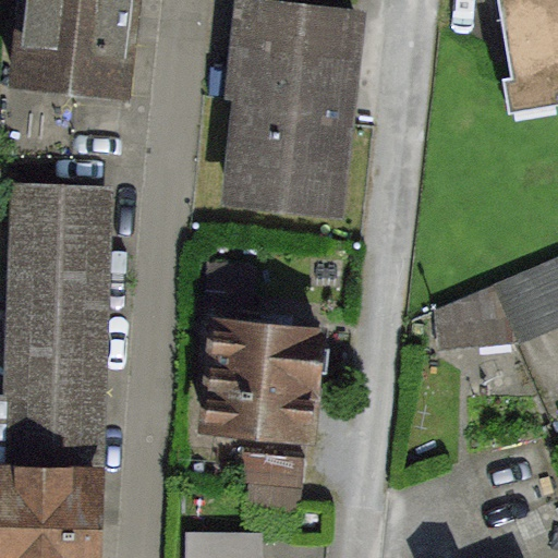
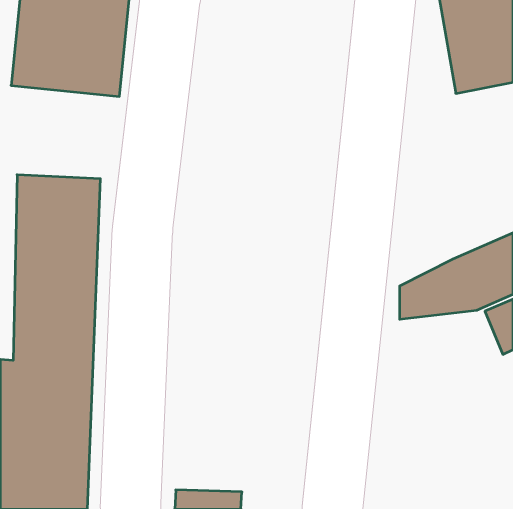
building: [225,12,356,216] -> none
building: [199,319,323,471] -> none

